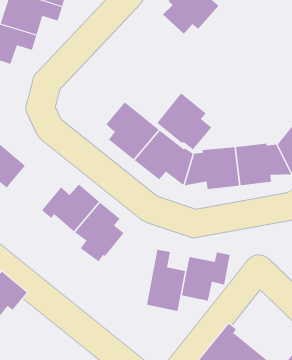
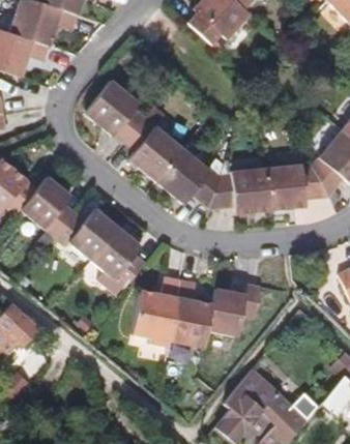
building: [156,93,212,150] -> [85,80,146,143]
building: none -> [21,176,77,237]
building: none -> [133,276,181,346]

